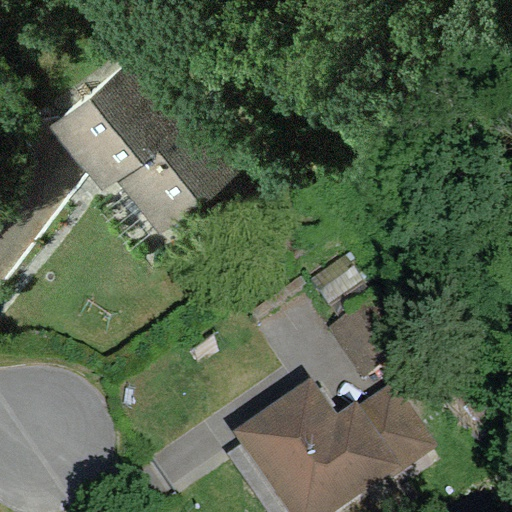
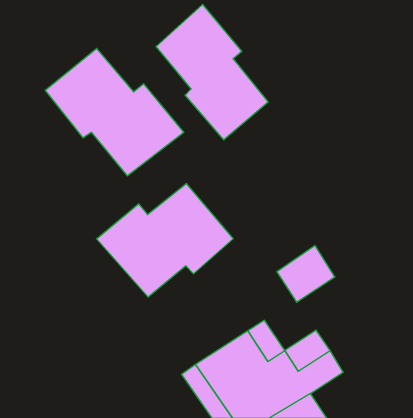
building: none -> [156,4,268,140]
building: none -> [96,183,233,297]

